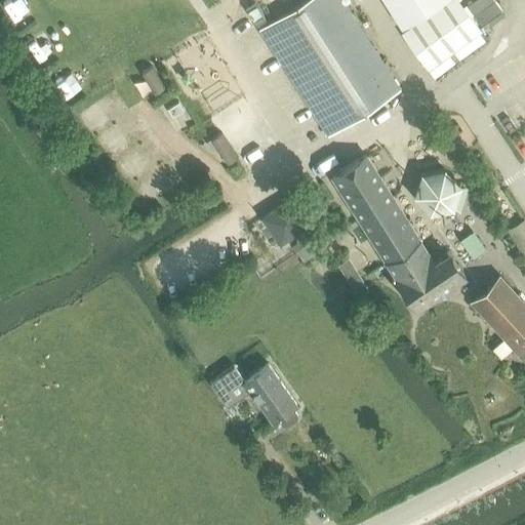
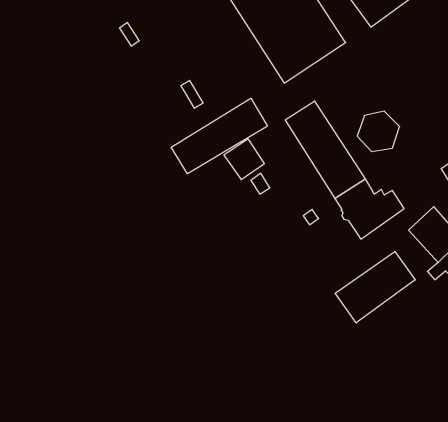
building: none -> [171,98,267,174]
building: none -> [335,251,415,323]
building: [210,365,298,430] -> none

